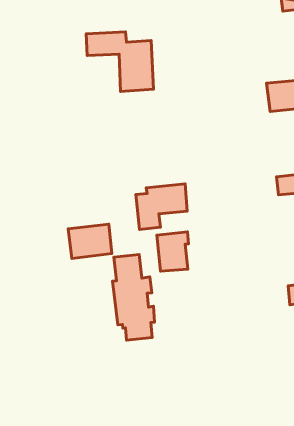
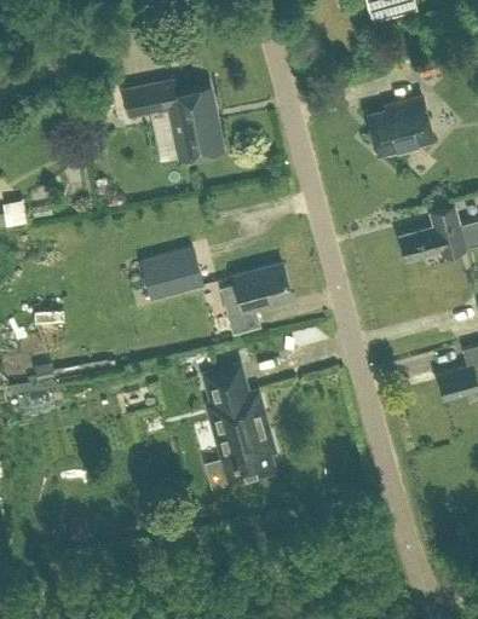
building: [68,224,112,258] -> [142,248,203,300]
building: [157,232,189,271] -> none

